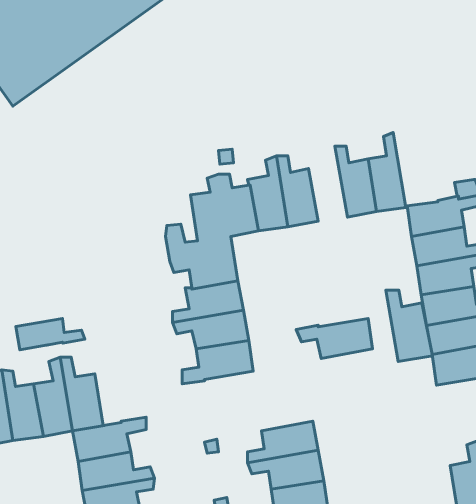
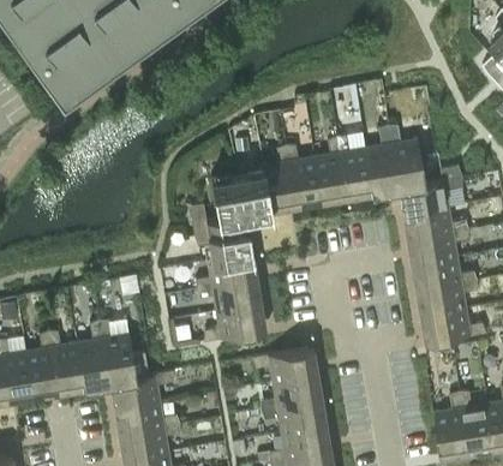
building: none -> [388,126,426,191]
building: none -> [315,138,348,203]
building: [386,290,432,362] -> none
building: [296,318,372,359] -> [252,350,318,384]
building: [16,318,85,350] -> none

